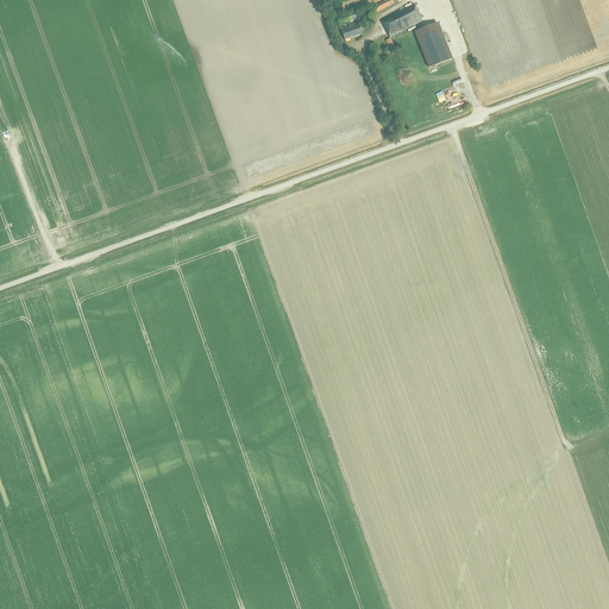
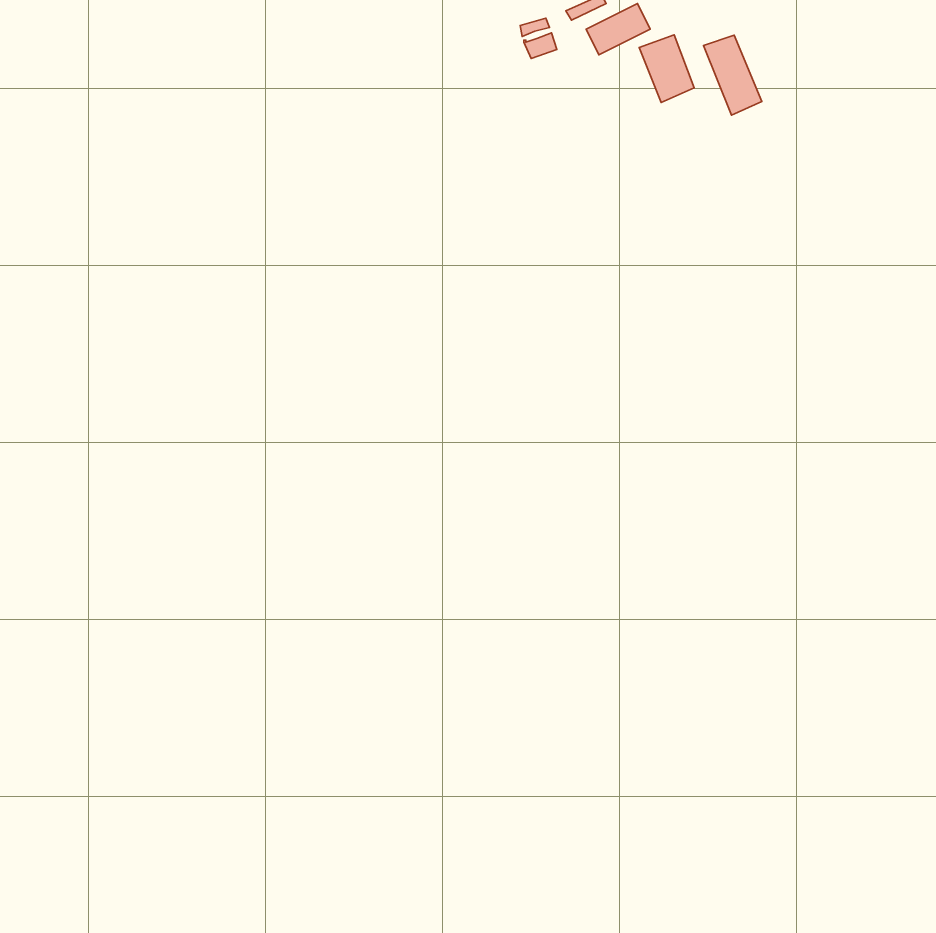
building: none -> [704,35,762,115]

